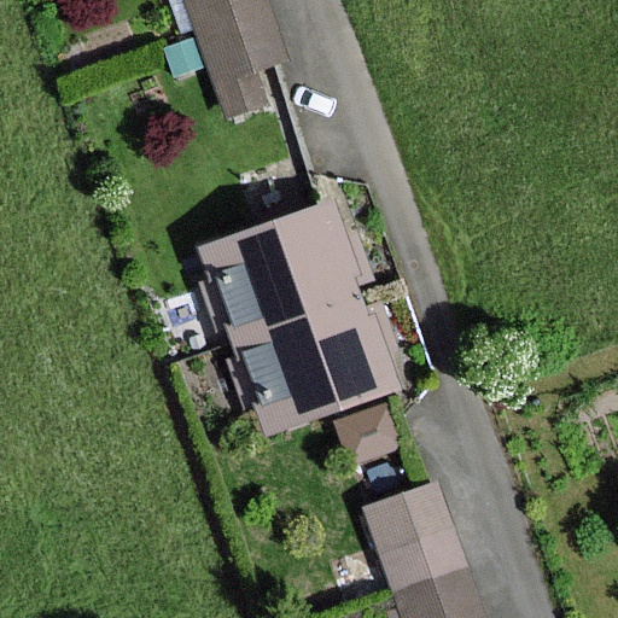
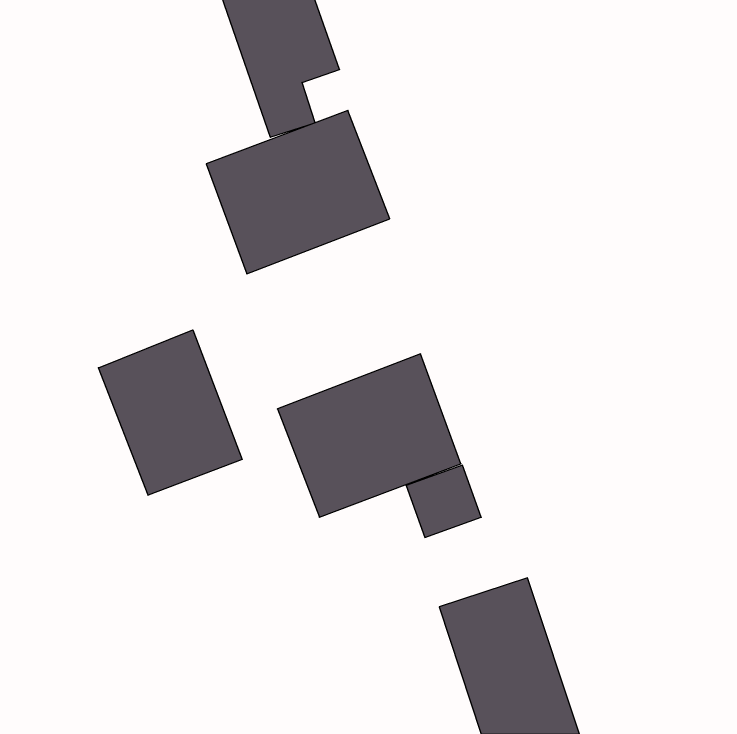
building: [198,205,351,342] -> [206,110,390,274]
building: none -> [98,330,242,495]

